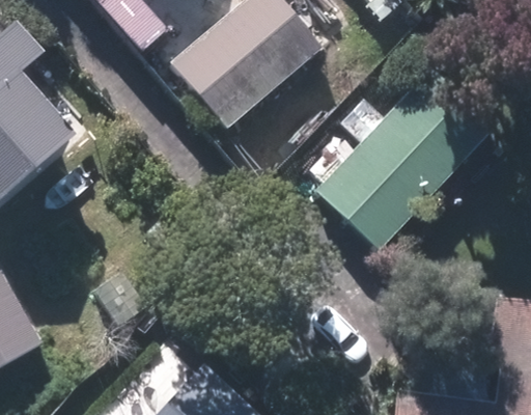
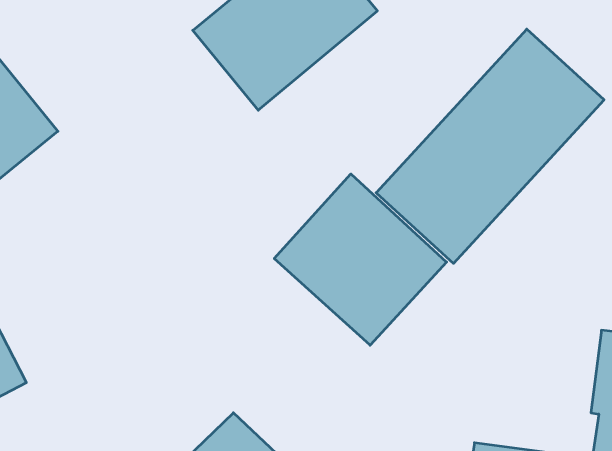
building: none -> [274,174,447,345]

